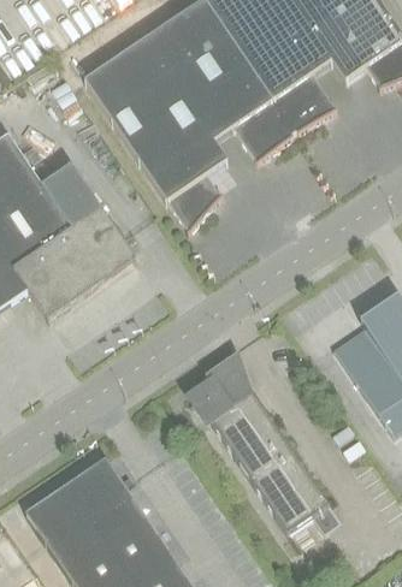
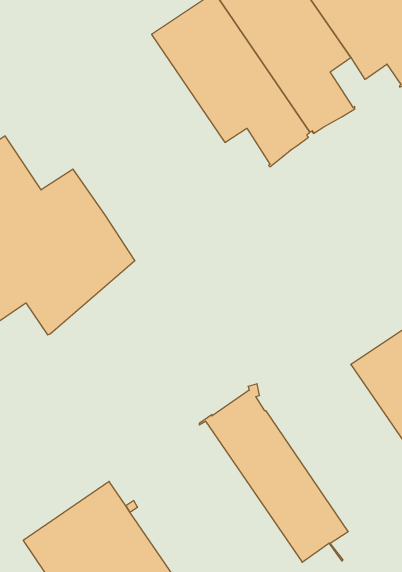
building: [83,36,226,230] -> none

